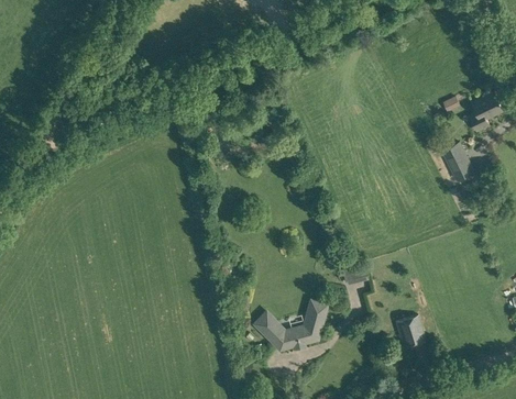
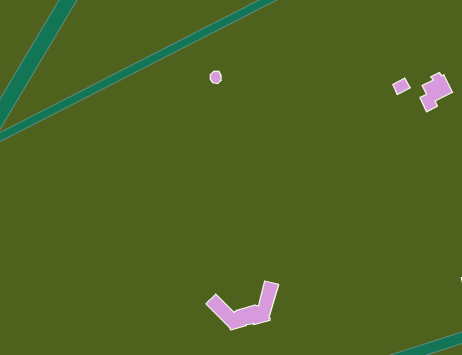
building: [441,141,475,180] -> none
building: [396,314,426,347] -> none

